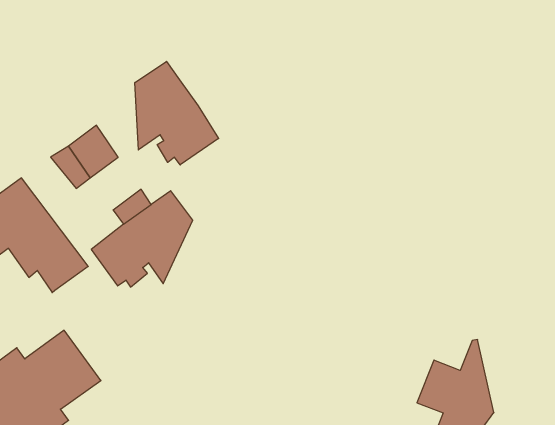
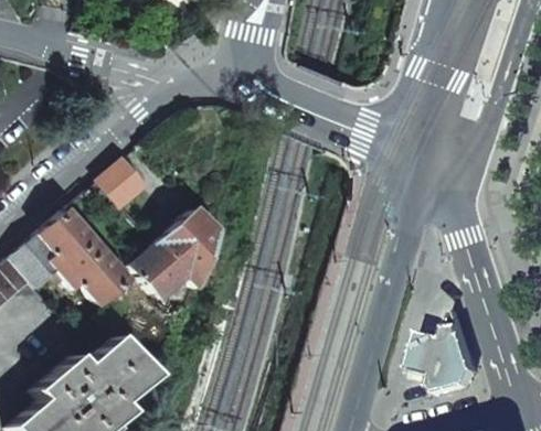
building: [135,61,219,165] -> none

